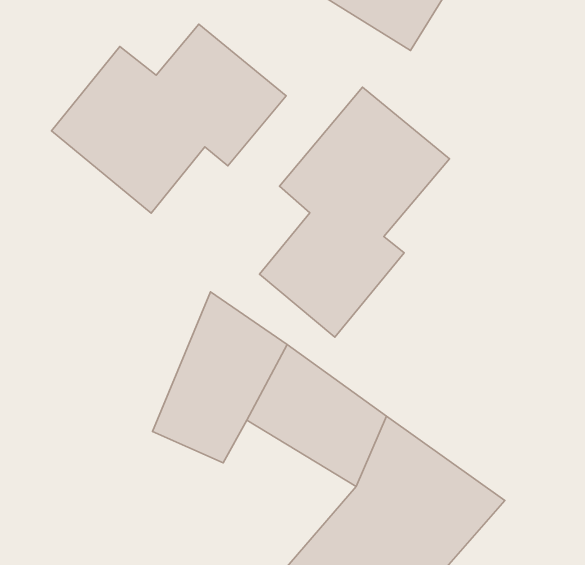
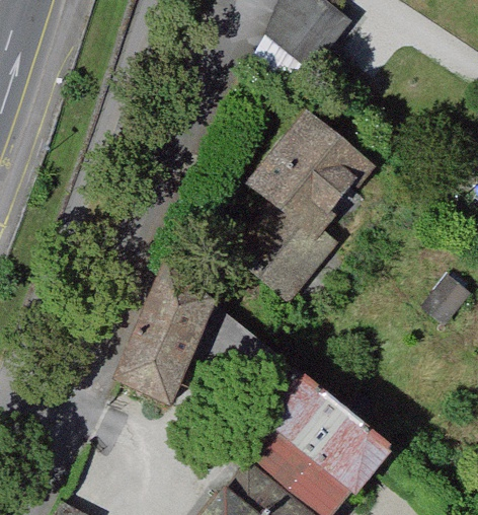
building: [51,24,286,213] -> none

